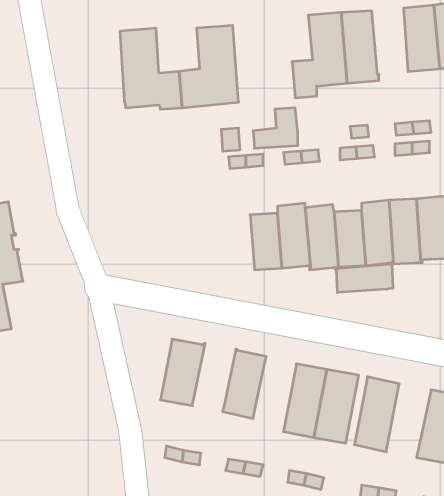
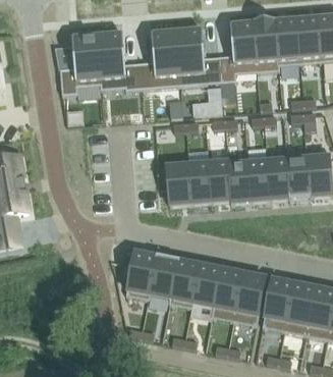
building: none -> [274,18,299,65]
building: none -> [176,29,220,85]
building: none -> [59,35,101,99]
building: none -> [165,159,191,205]
building: [335,264,393,293] -> none
building: none -> [149,255,178,299]
building: none -> [191,264,221,307]
building: none -> [284,283,316,335]

